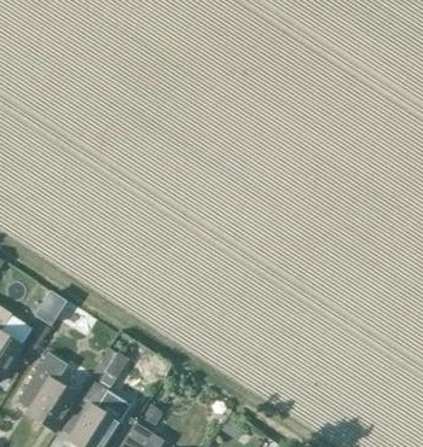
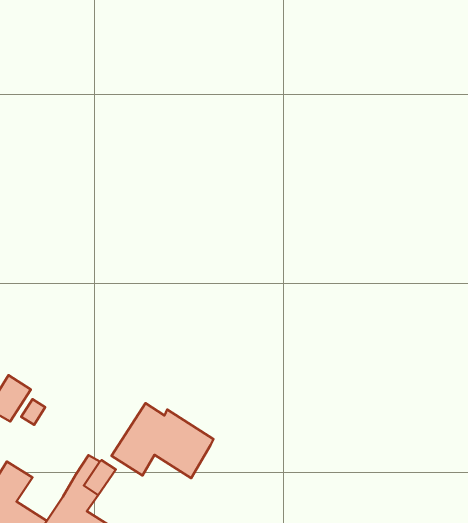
building: none -> [112,403,213,478]

